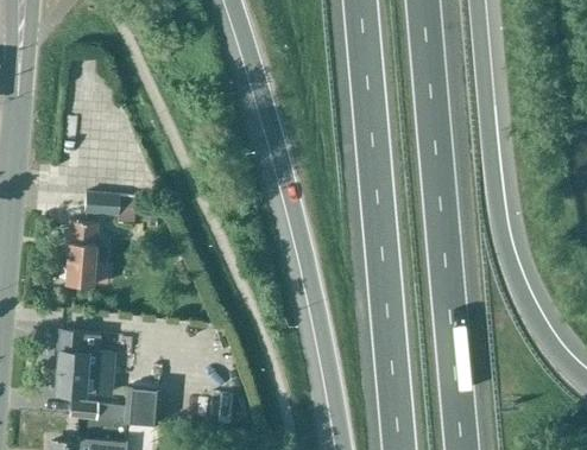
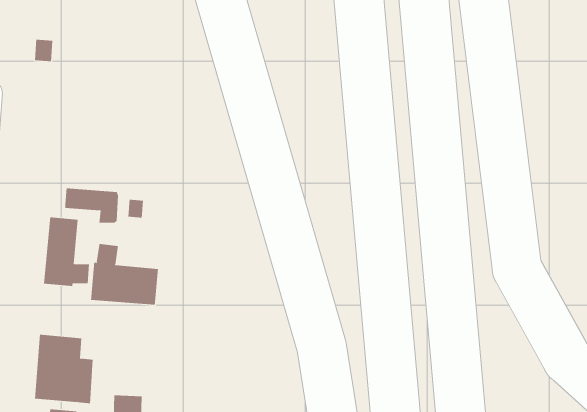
building: none -> [90,243,158,305]

